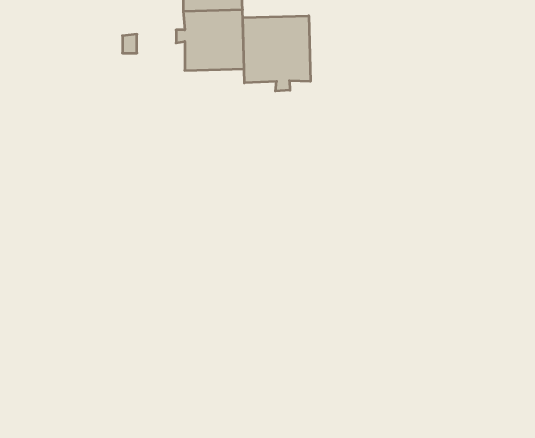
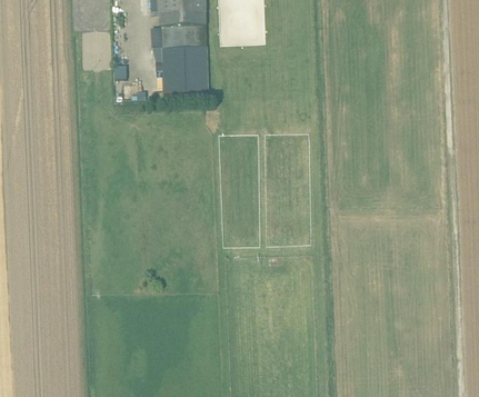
building: [243,16,310,91] -> none

